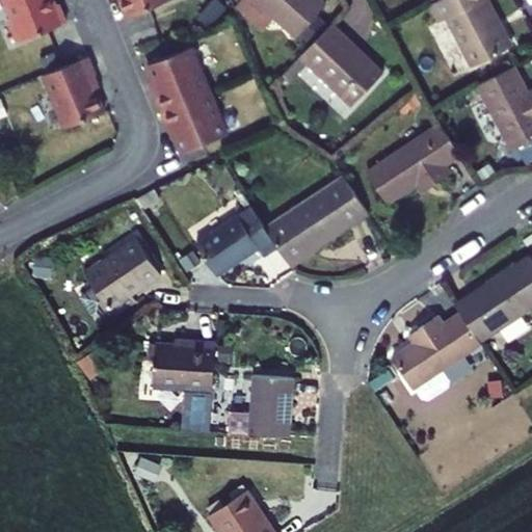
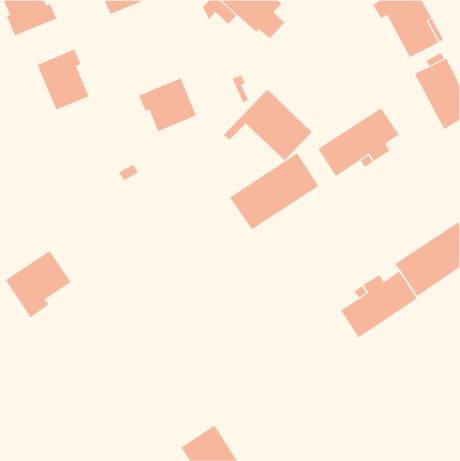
building: [281,23,383,106] -> [223,89,312,161]
building: [147,46,209,110] -> none
building: [194,207,277,275] -> none
building: [84,238,161,316] -> [5,250,72,318]
building: [153,342,215,431] -> none
building: [229,375,293,436] -> none

